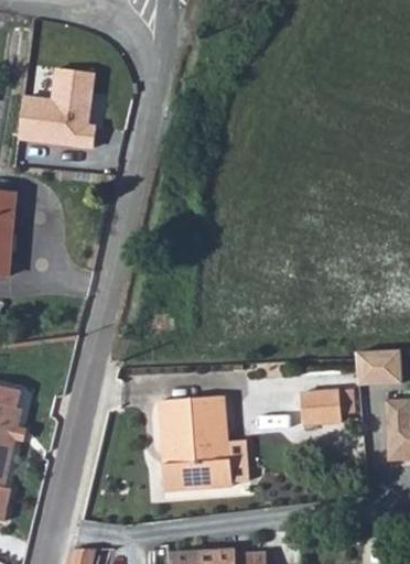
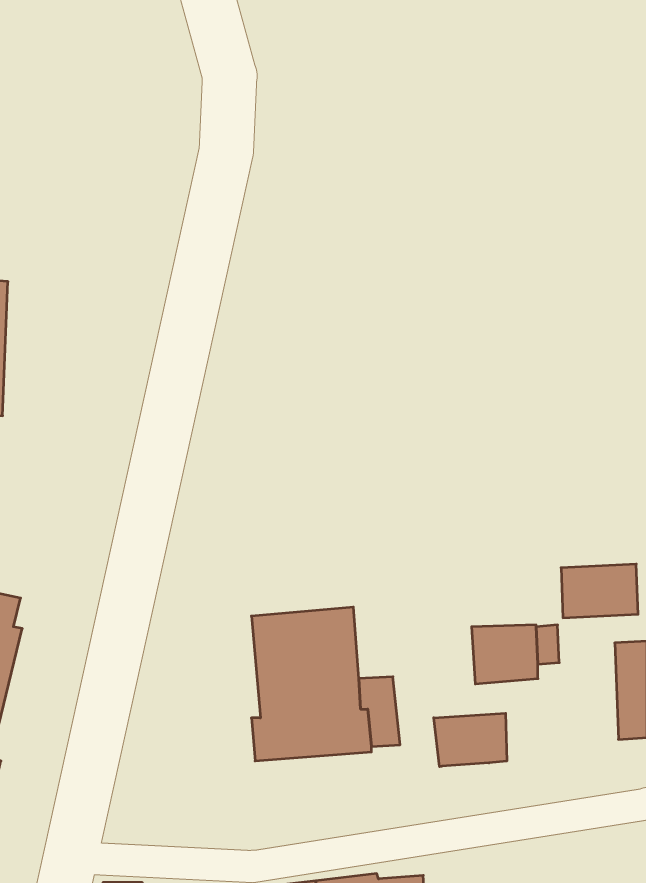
building: [15,78,95,161] -> none
building: none -> [434,713,507,767]

